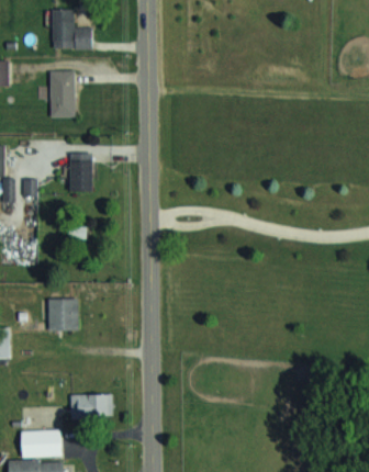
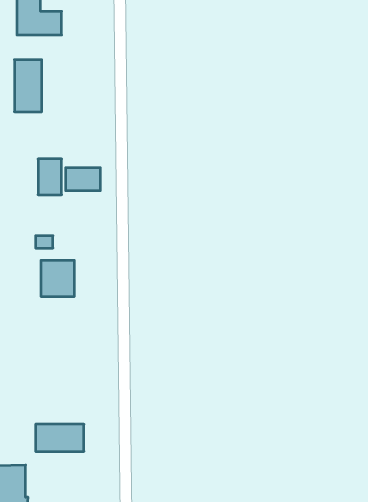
building: none -> [66,168,100,191]
building: [48,299,78,330] -> [41,260,74,296]

